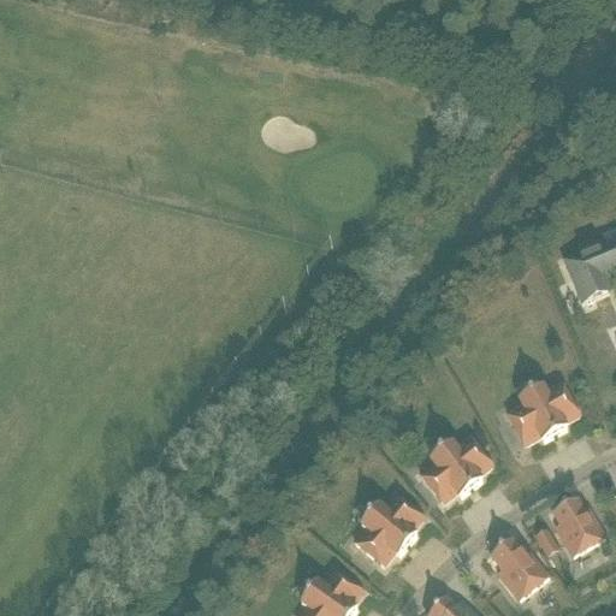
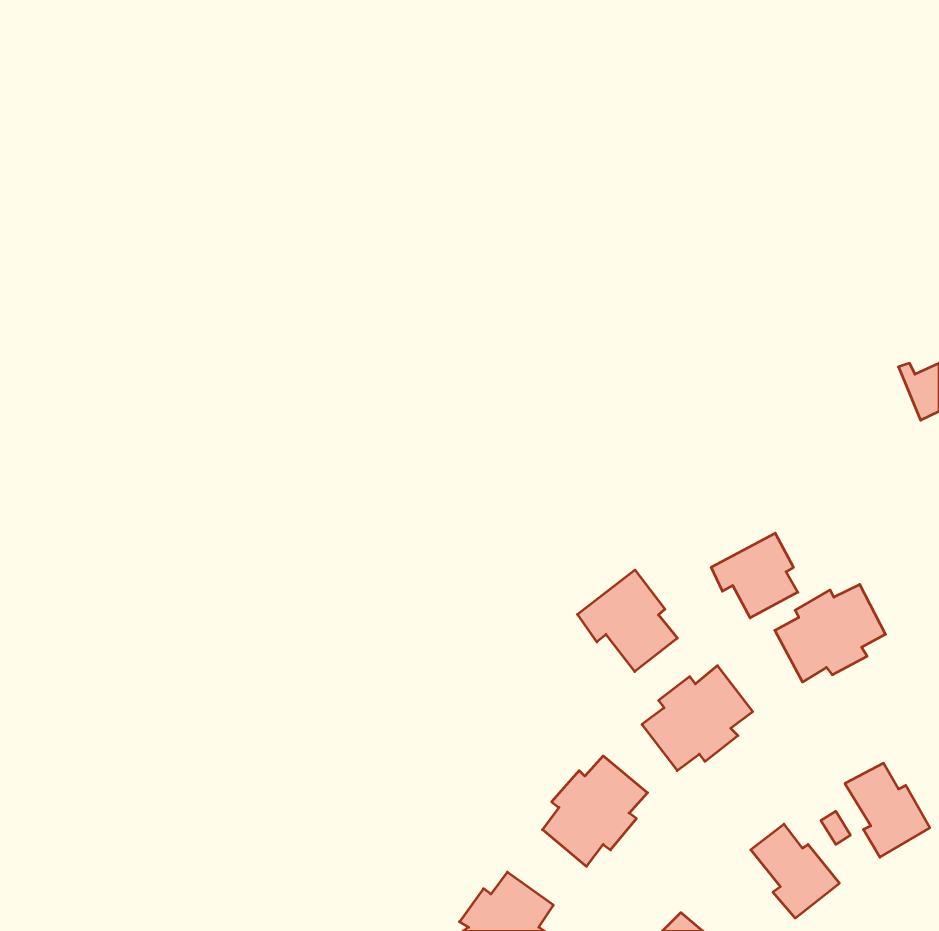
building: [562,239,608,303] -> none
building: none -> [711,533,798,618]
building: none -> [577,570,677,672]

